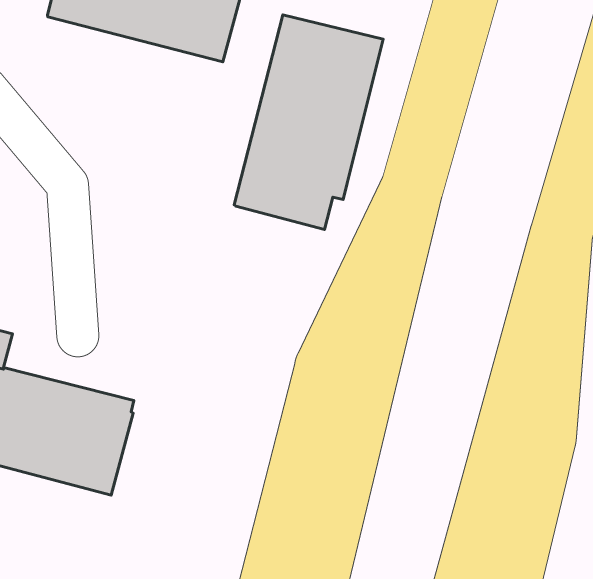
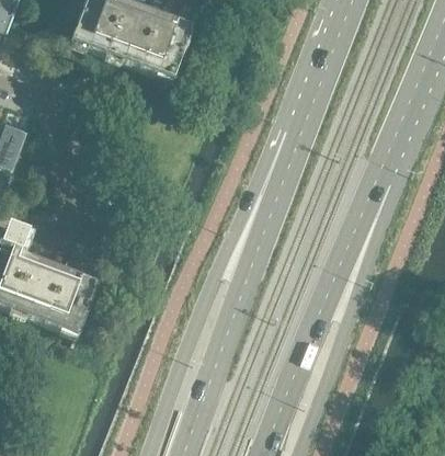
building: [234,15,383,230] -> none

